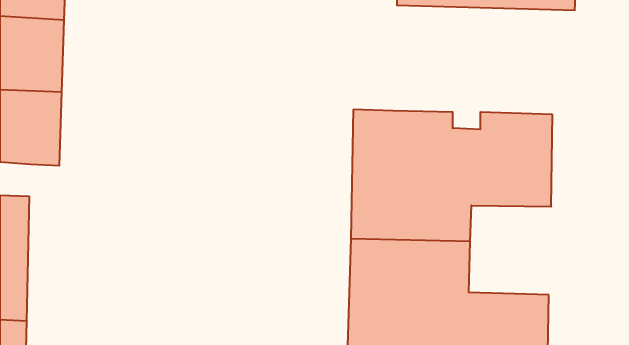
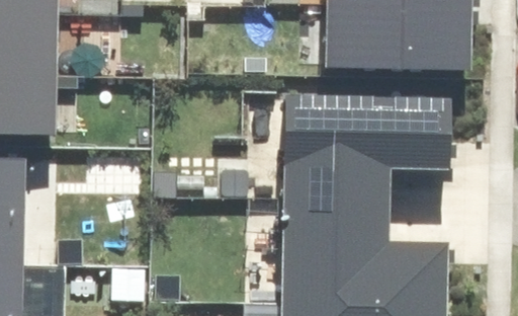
building: none -> [322,6,468,69]

